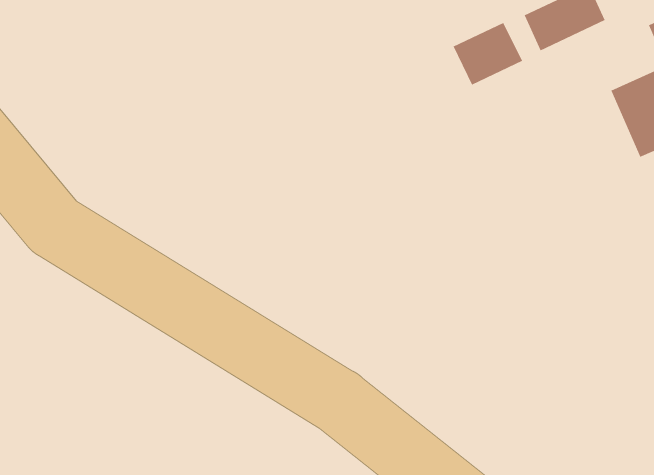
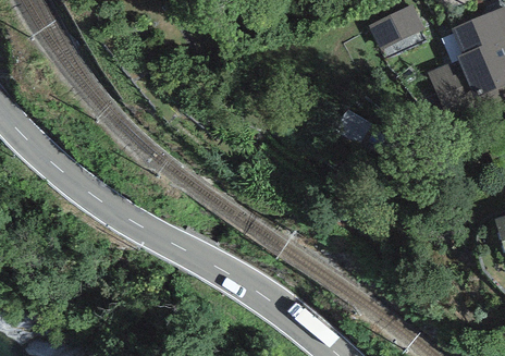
building: [453,22,523,85] -> none

